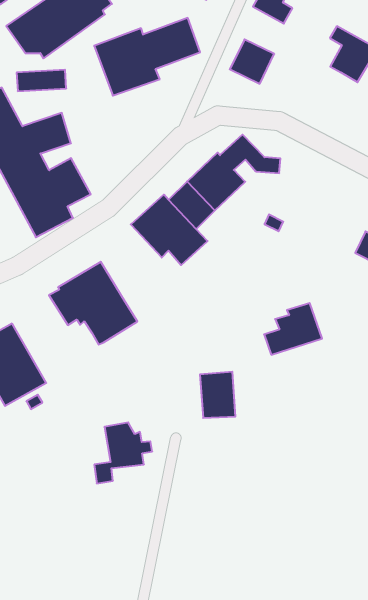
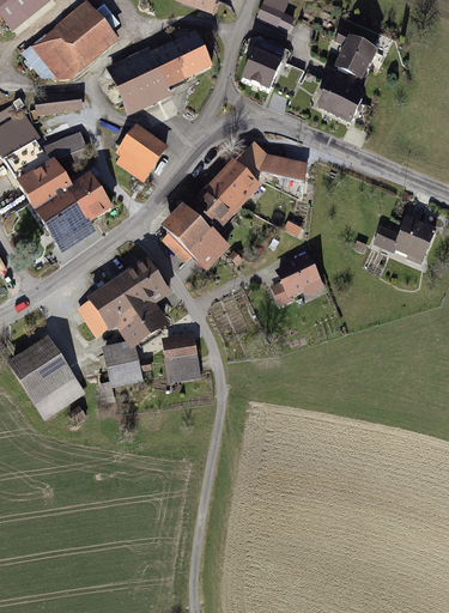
building: none -> [318,72,368,125]
building: none -> [115,126,168,177]
building: none -> [128,257,175,309]
building: [264,303,322,355] -> [267,253,323,305]
building: [200,372,235,418] -> [162,334,199,381]
building: [94,422,152,483] -> [95,341,150,402]

